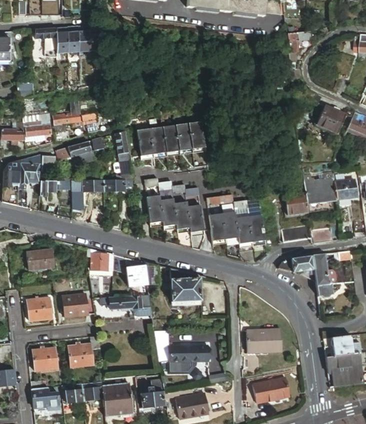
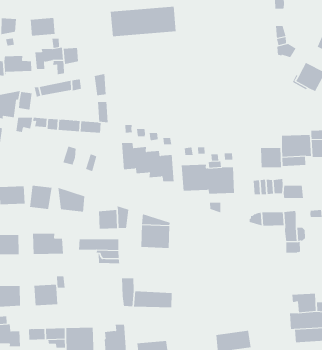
building: none -> [30,17,55,36]
building: [136,123,204,158] -> [110,6,177,37]
building: none -> [30,185,52,210]
building: [248,329,283,352] -> none

